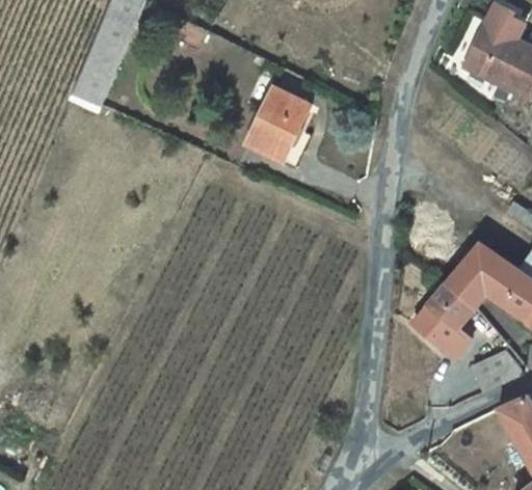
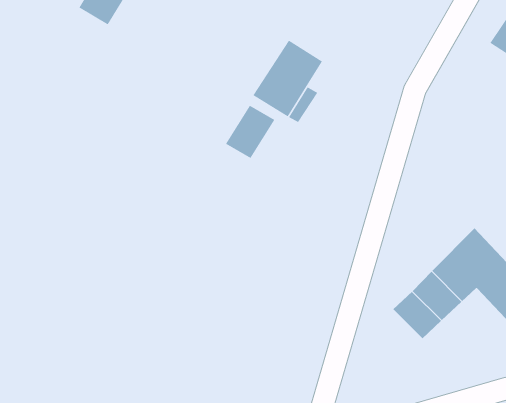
building: none -> [225,105,275,159]
building: [473,348,523,391] -> none

